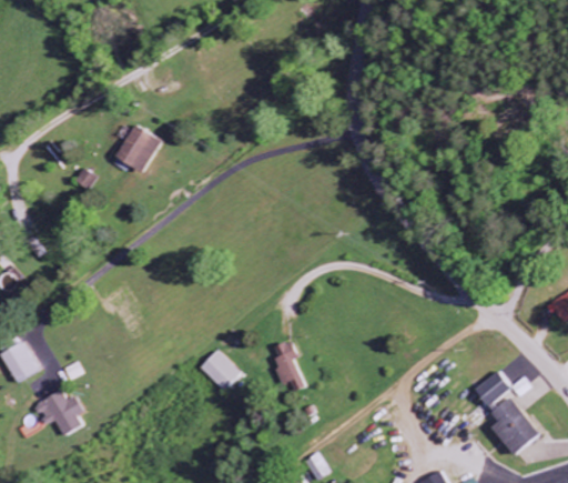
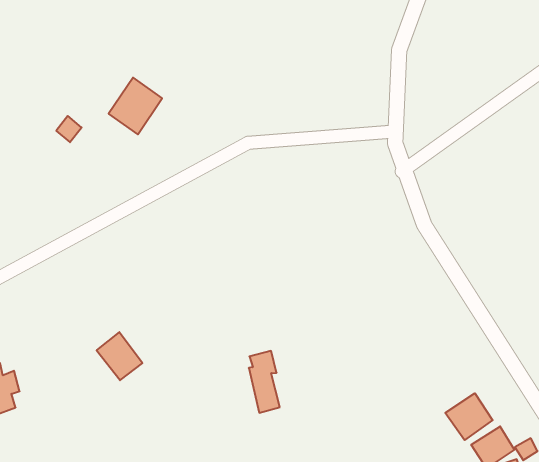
building: none -> [445,393,493,440]
building: [199,349,240,390] -> [97,332,142,380]

